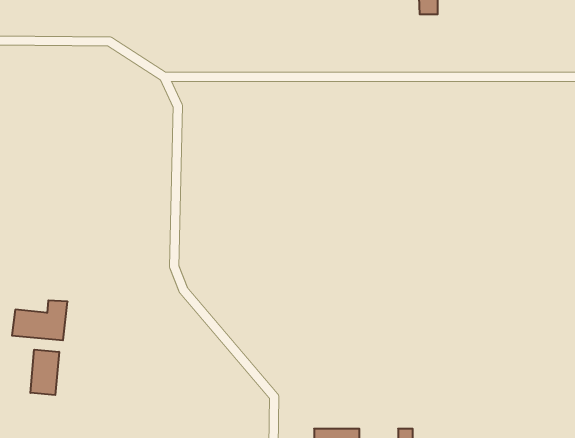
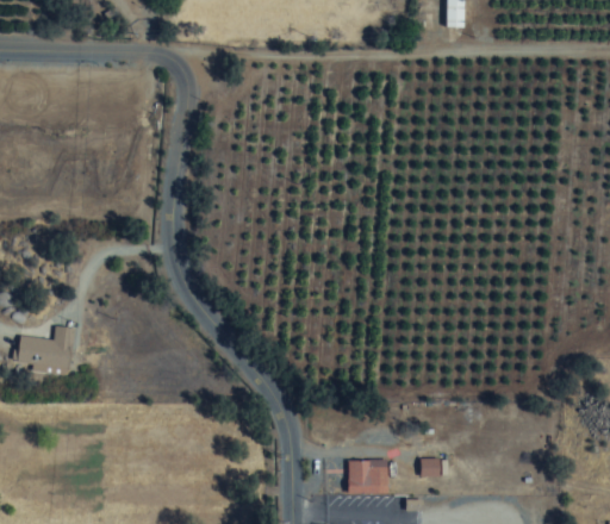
building: [30,350,59,395] -> none

